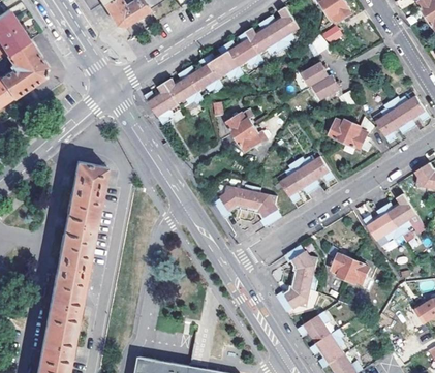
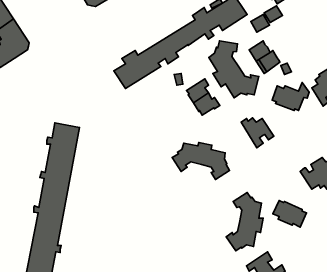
building: none -> [209,41,259,98]
building: [279,161,313,204] -> none

